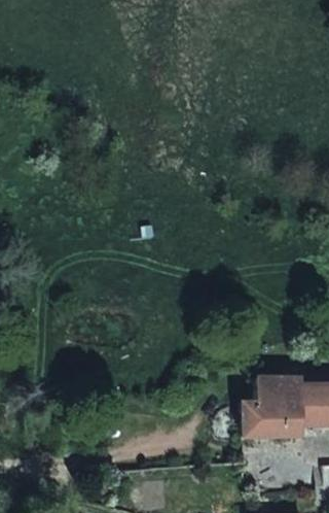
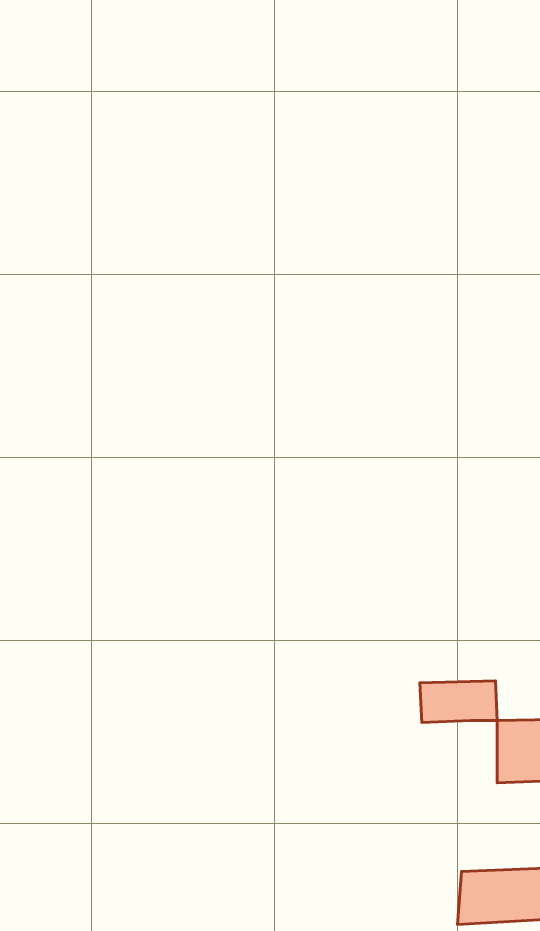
building: [245,397,300,433] -> none

